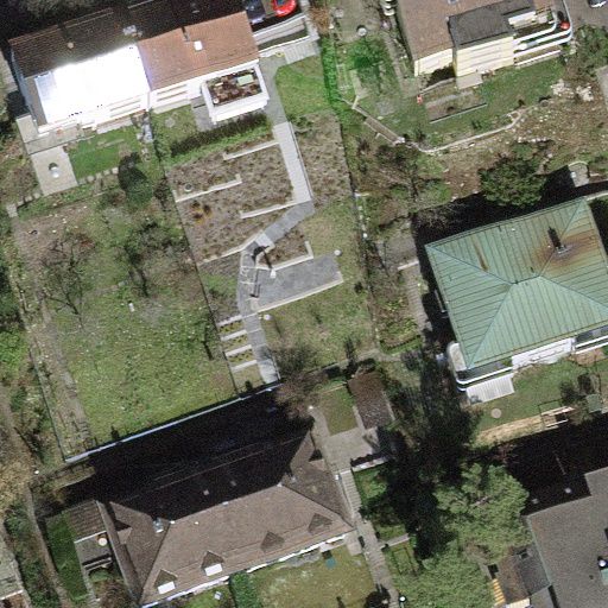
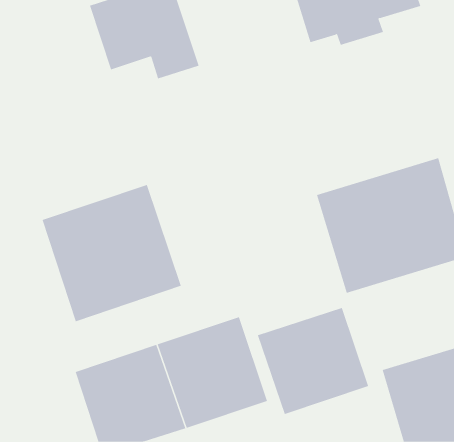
building: [12,7,148,128] -> none
building: none -> [42,184,182,322]
building: none -> [257,307,369,415]

